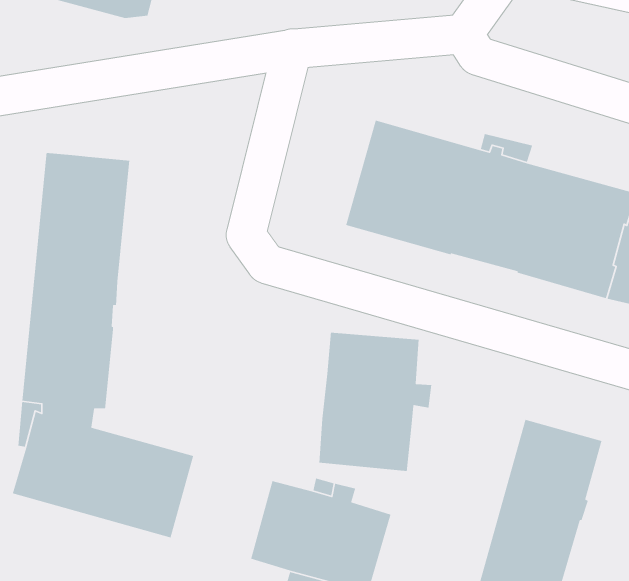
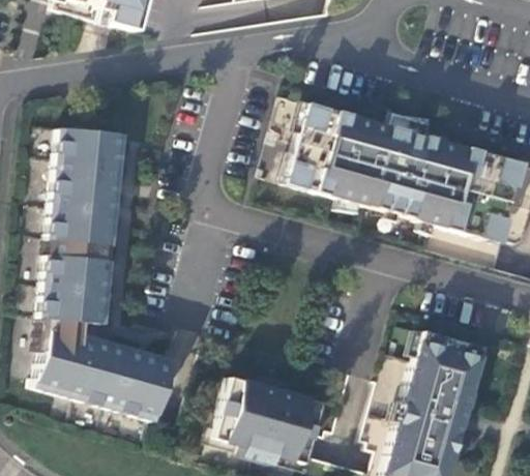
building: [319,332,432,472] -> none

